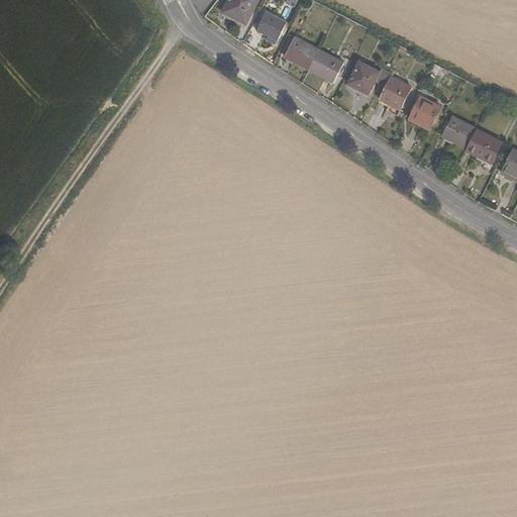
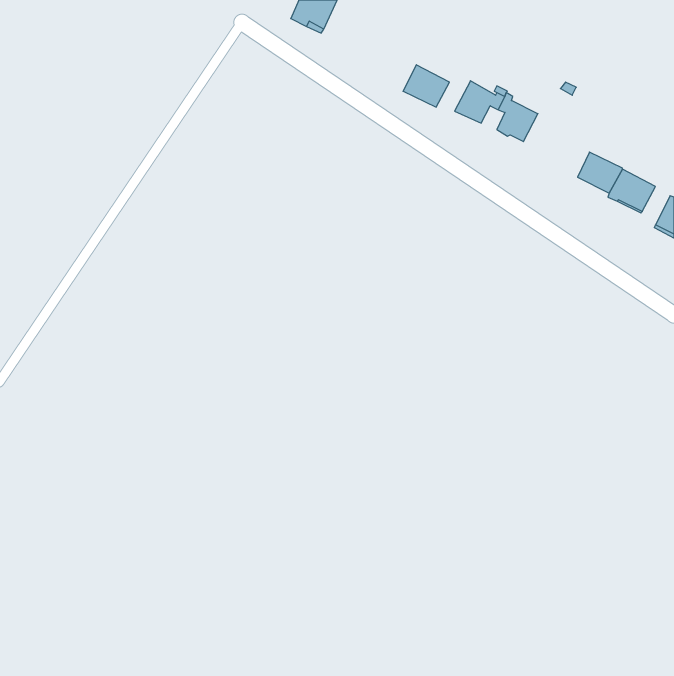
building: [256,11,287,40] -> none
building: [284,37,318,70] -> none
building: [409,96,440,128] -> none

